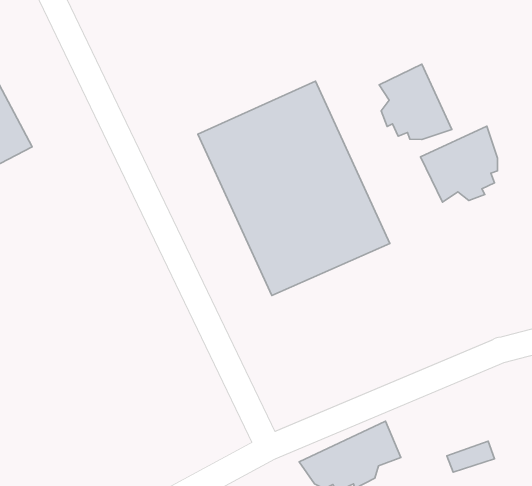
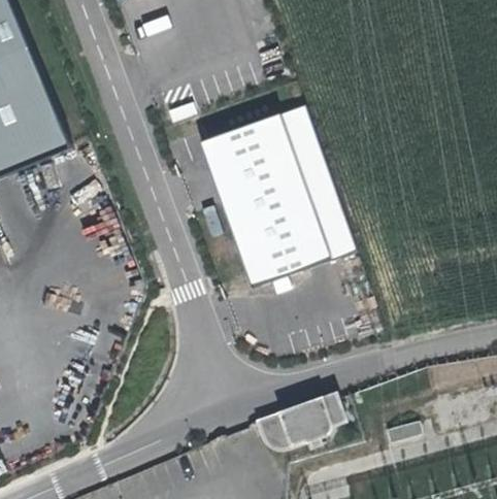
building: [379,64,452,140] -> none
building: [420,126,498,202] -> none

